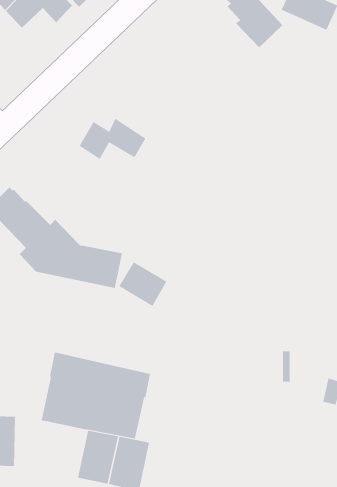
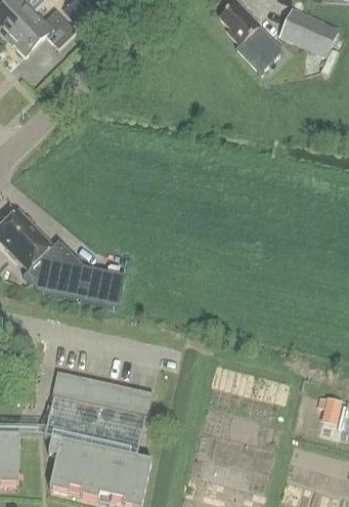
building: [79,118,146,160] -> none
building: [119,261,167,307] -> none
building: none -> [47,438,89,494]

